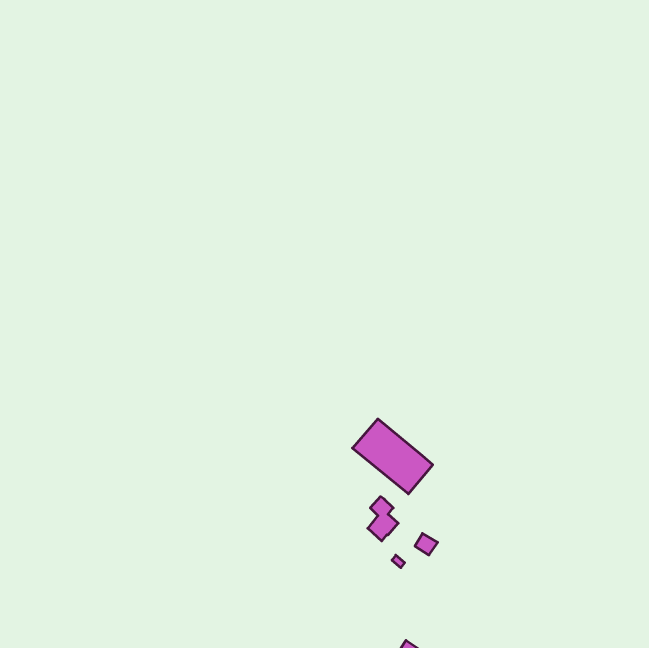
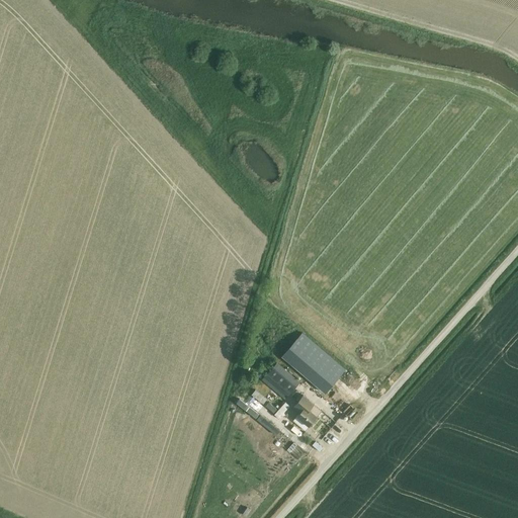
building: none -> [265,363,299,396]

